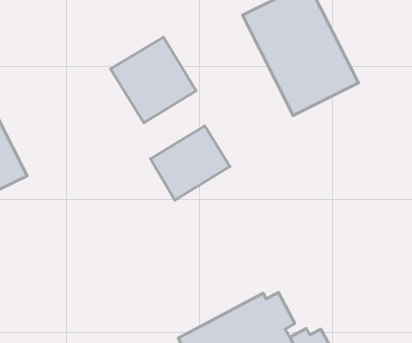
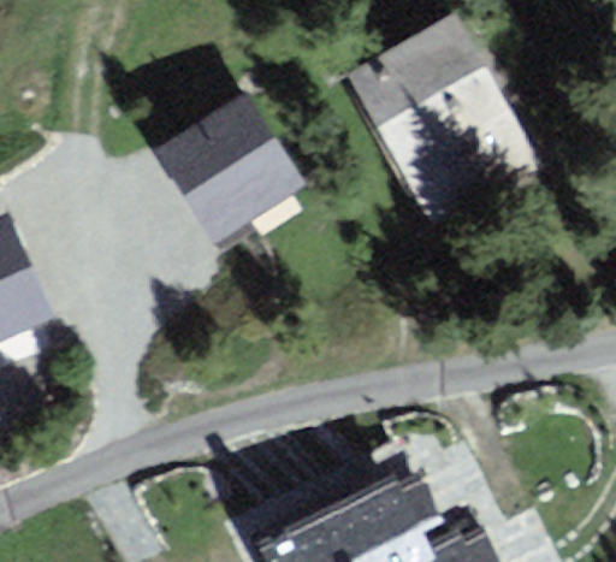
building: [151,126,230,200] -> none

